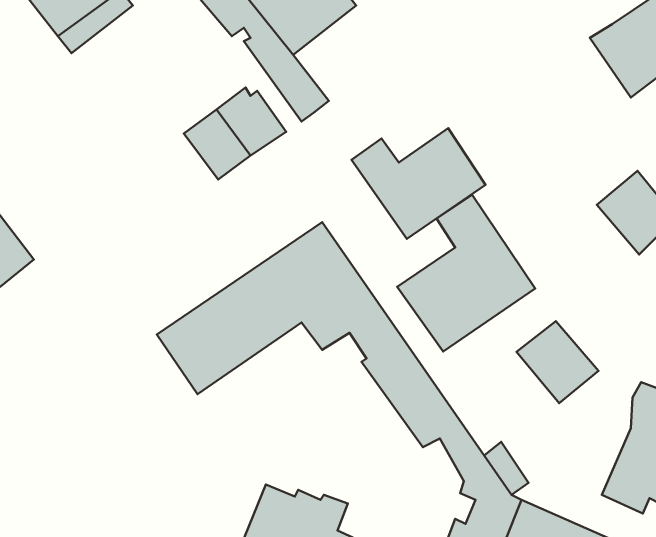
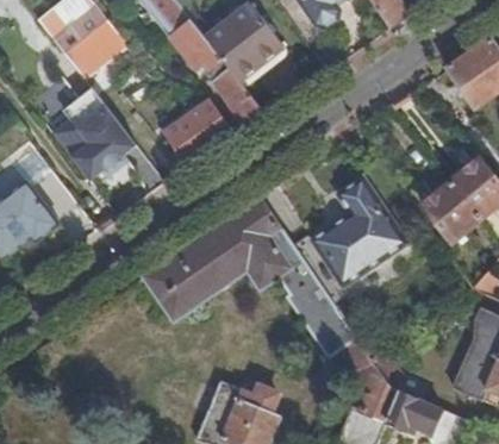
building: none -> [48,81,144,179]
building: [351,128,485,239] -> none
building: [517,321,598,403] -> [423,185,480,242]

